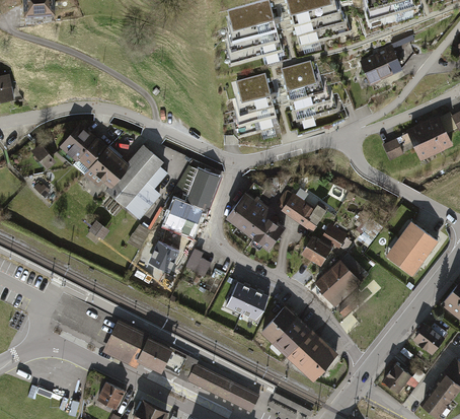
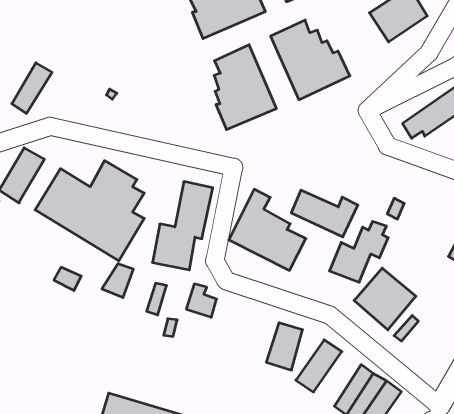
building: [72,136,106,173] -> [12,63,52,113]
building: [222,279,254,317] -> none
building: [273,318,312,358] -> none

